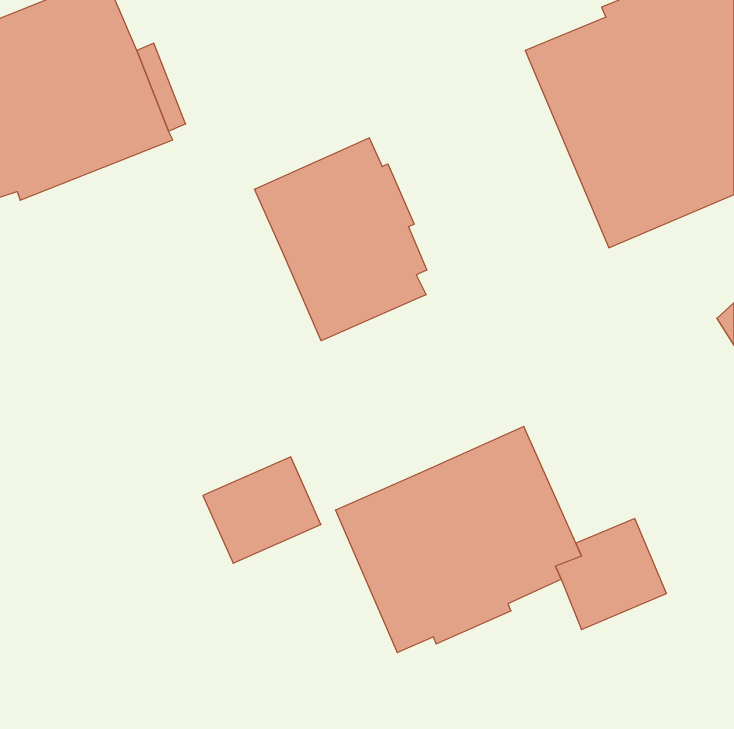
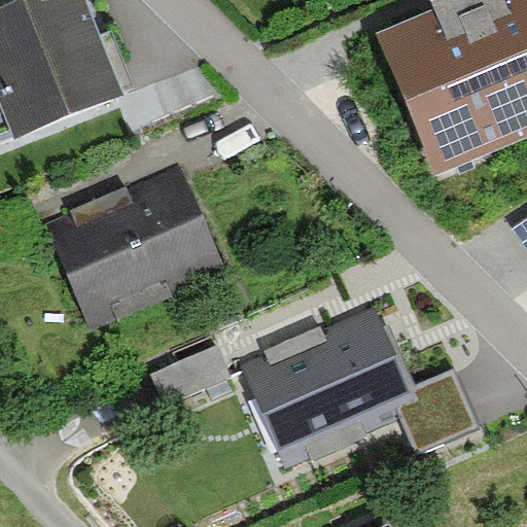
building: [255,138,427,341] -> none
building: none -> [44,162,226,326]

